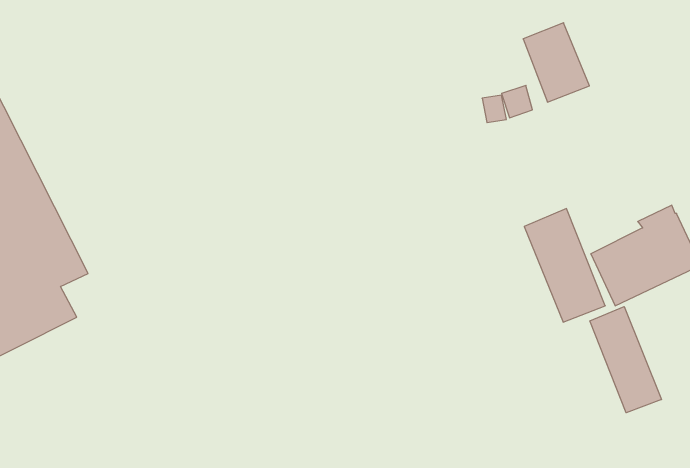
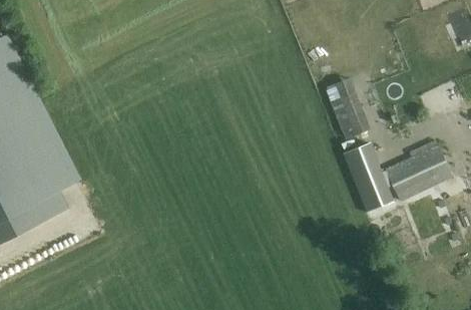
building: [523,23,589,102] -> [331,90,372,139]
building: [590,307,661,413] -> none

